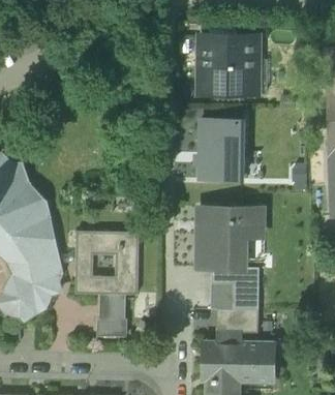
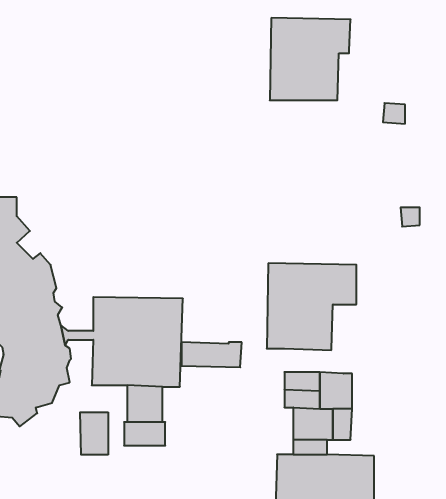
building: [248,58,267,93] -> none
building: [200,119,243,179] -> none
building: [211,268,253,285] -> [181,342,242,367]
building: none -> [80,412,108,455]

